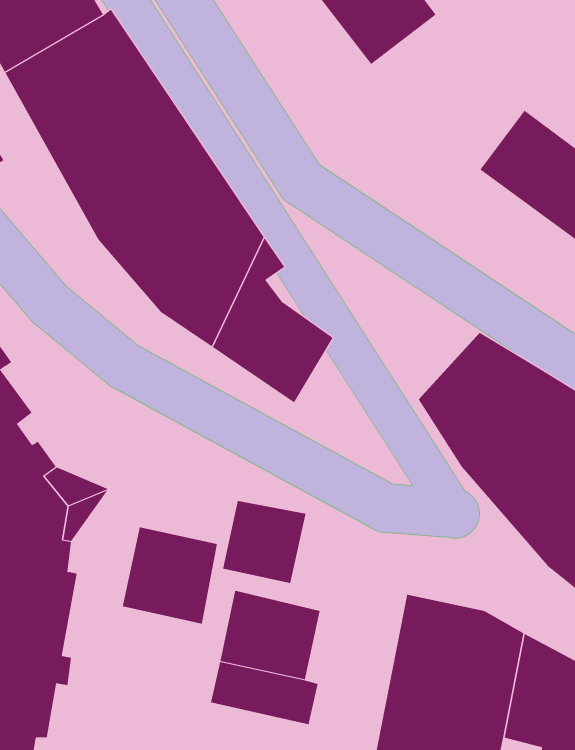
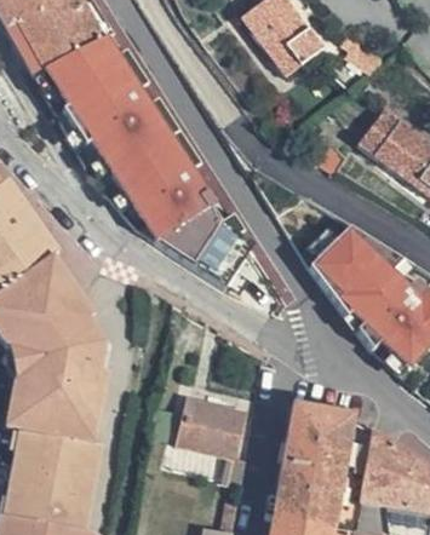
building: [223,500,306,584] -> none
building: [122,526,218,625] -> none

